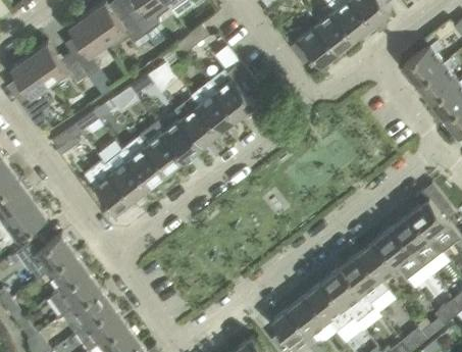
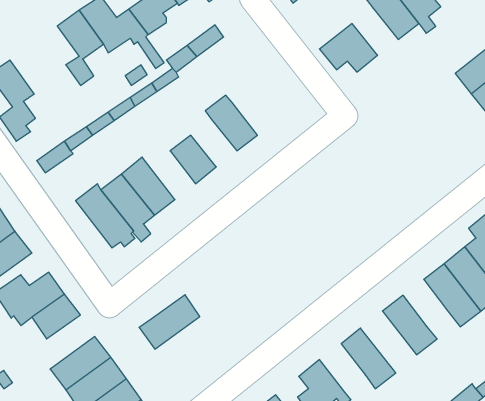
building: [316,12,355,52] -> none
building: [29,43,88,86] -> none
building: [210,62,258,119] -> none
building: [173,104,219,146] -> none
building: [138,121,185,173] -> none
building: [359,241,397,281] -> none
building: [323,267,374,323] -> none
building: [49,270,100,316] -> [139,295,200,349]
building: [289,295,327,336] -> none

